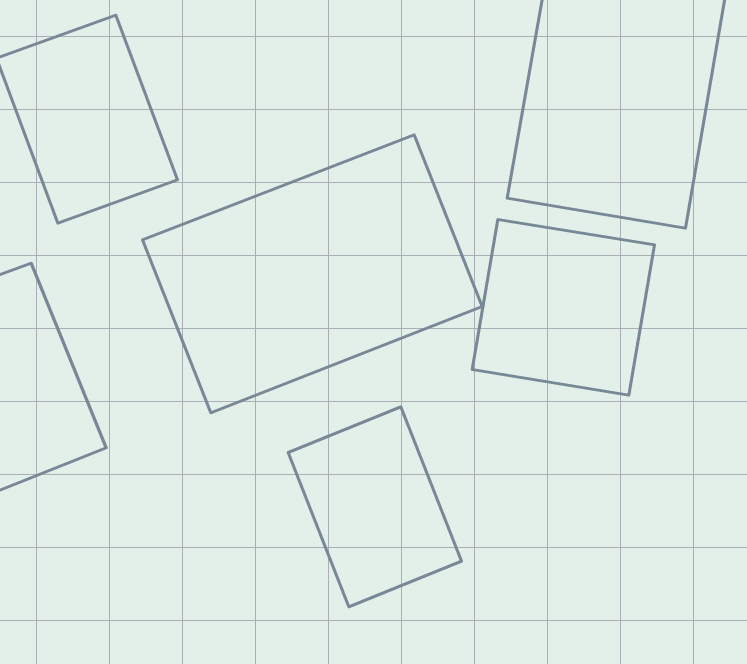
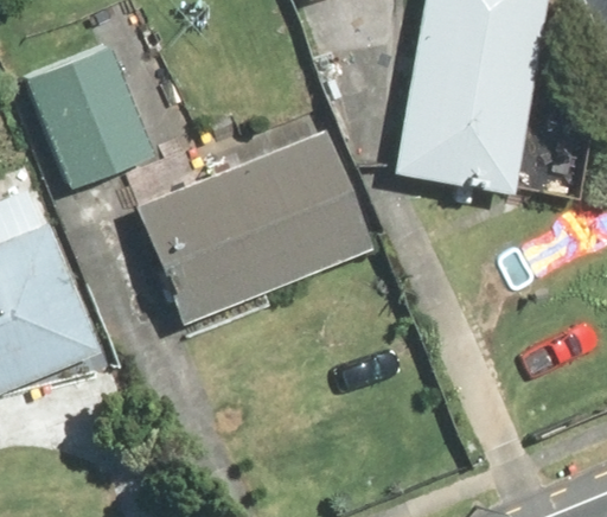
building: [472,219,654,395] -> none
building: [288,407,462,607] -> none

